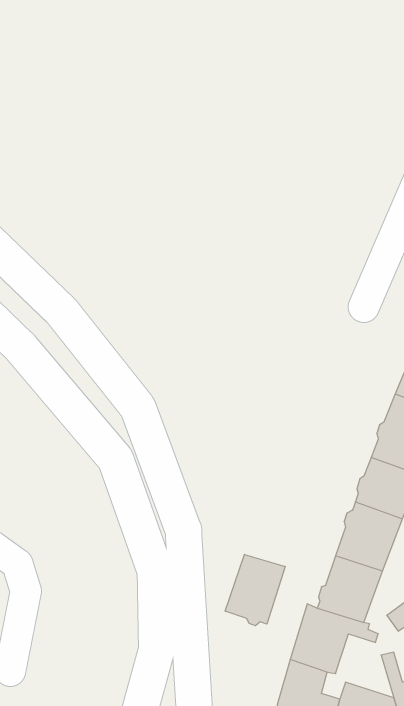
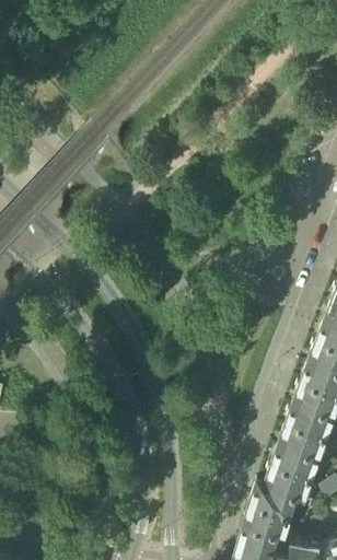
building: [225,554,285,626] -> none

